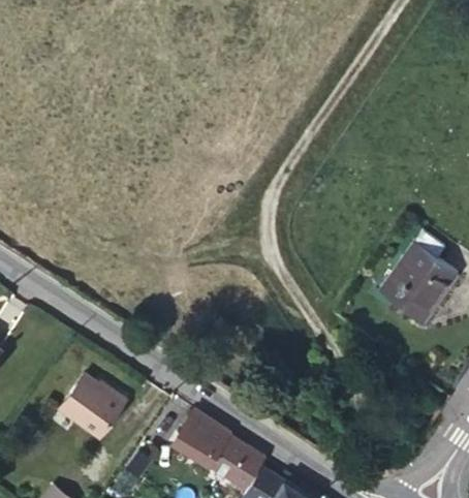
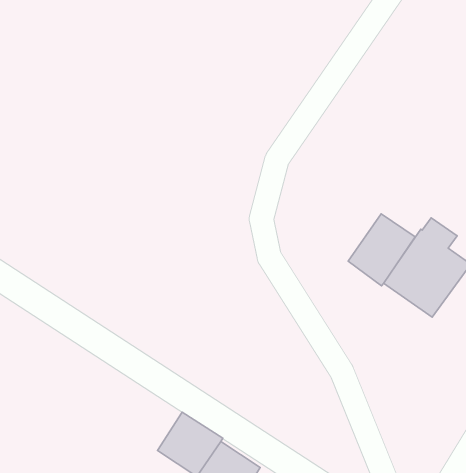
building: none -> [348,214,415,286]
building: [58,372,124,435] -> none

